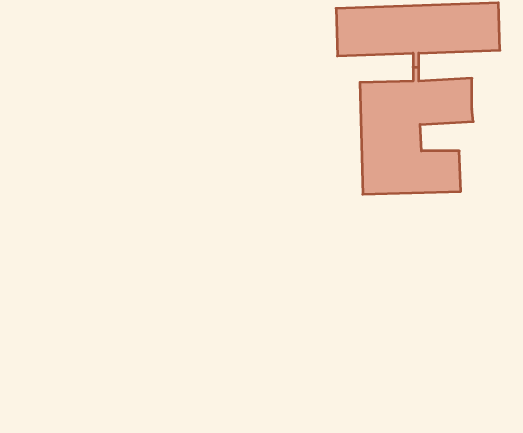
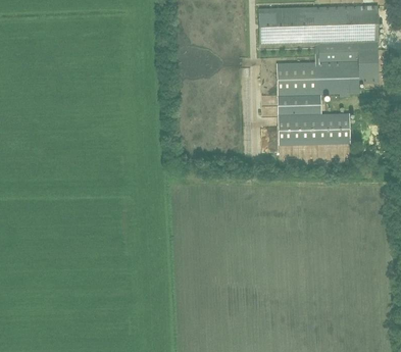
building: none -> [319,41,379,82]

